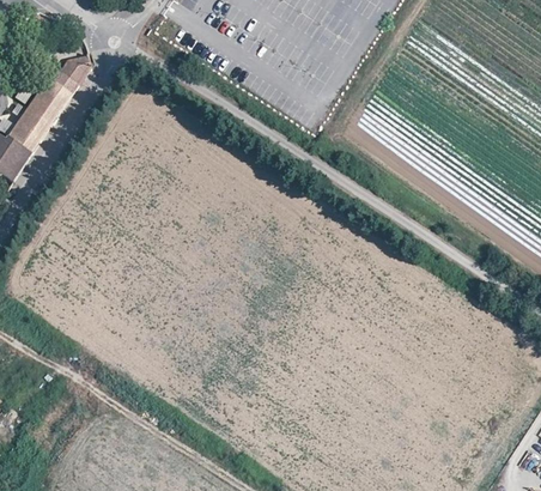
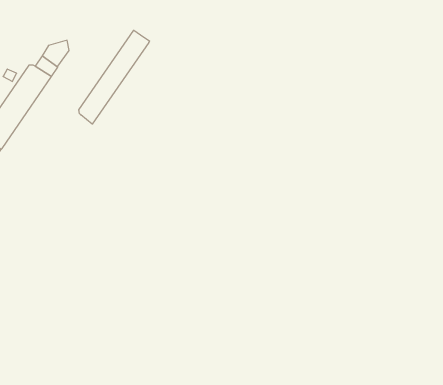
building: none -> [79,30,150,124]

